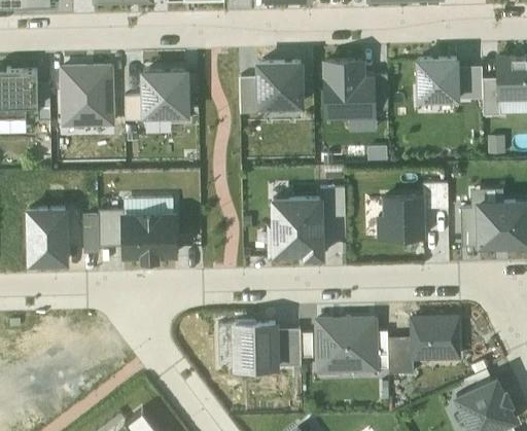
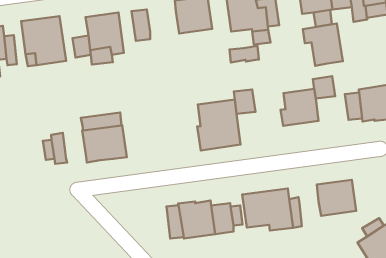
building: [239,78,259,116] -> [132,9,150,41]
building: none -> [303,23,343,66]
building: none -> [229,46,259,62]
building: [28,209,66,263] -> none
building: [98,210,124,247] -> none
building: [387,339,413,375] -> none

